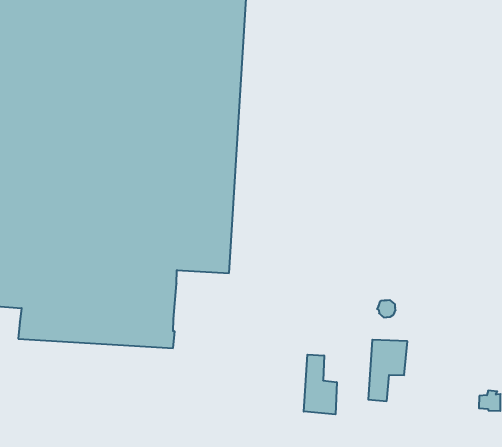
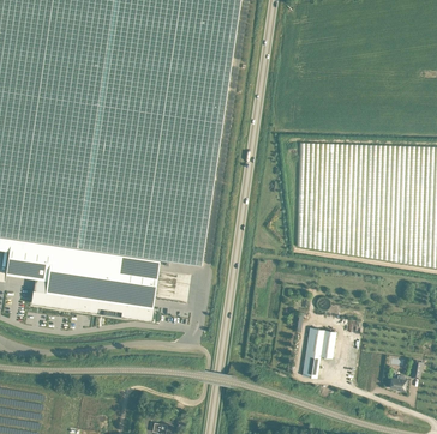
building: [304,355,337,414] -> none

